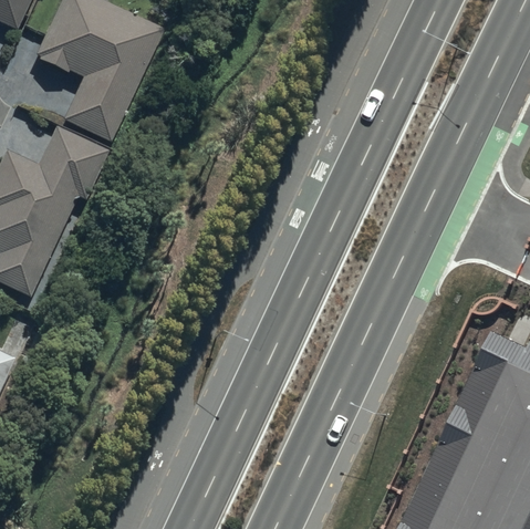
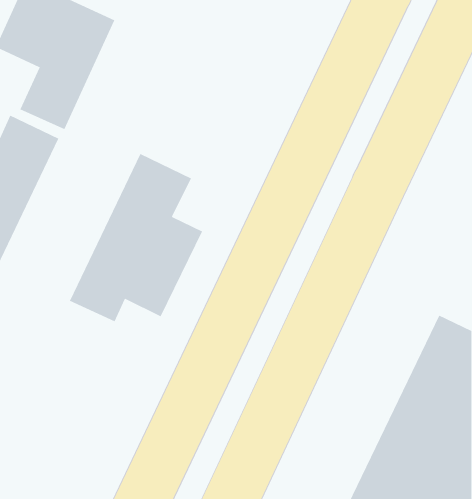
building: none -> [69,153,203,322]

